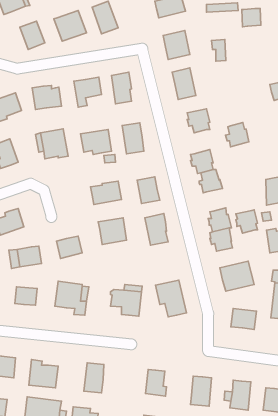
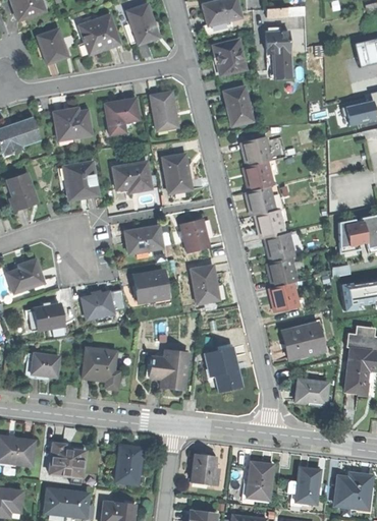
building: [242,9,261,27] -> [265,31,288,53]
building: [225,123,249,147] -> [245,161,273,190]
building: [236,210,258,233] -> [266,232,292,260]

